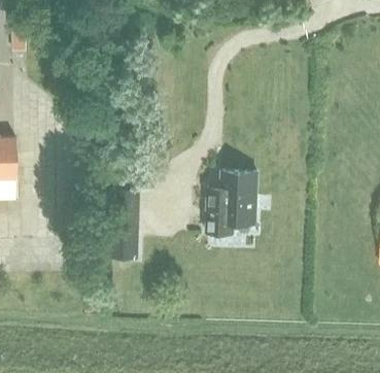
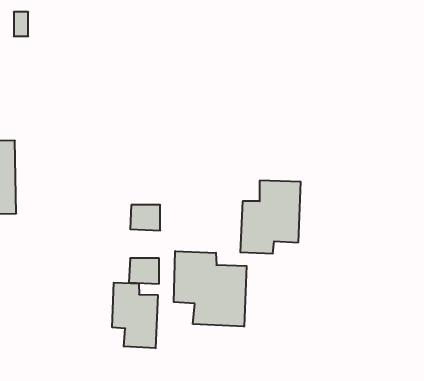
building: none -> [174,251,247,327]
building: none -> [112,283,158,348]

